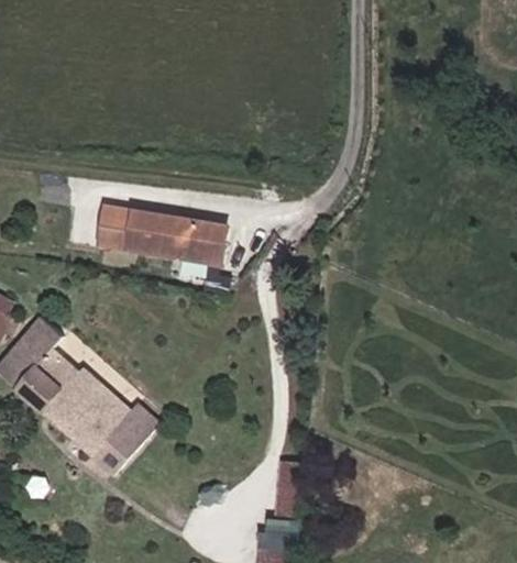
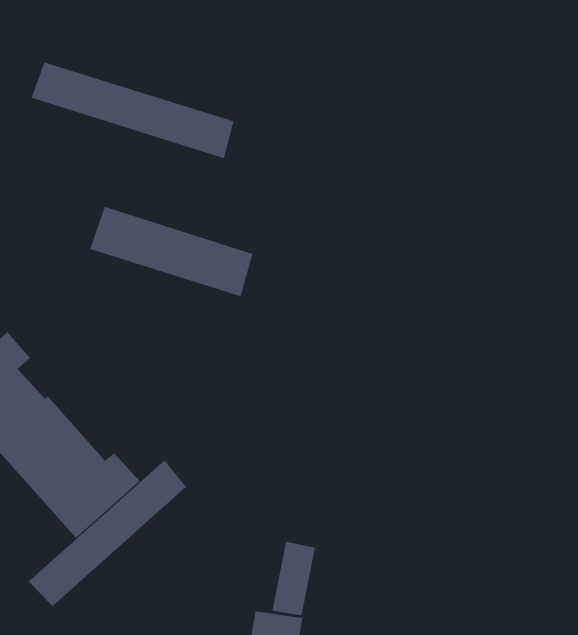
building: none -> [31,62,235,159]
building: none -> [28,460,187,607]

